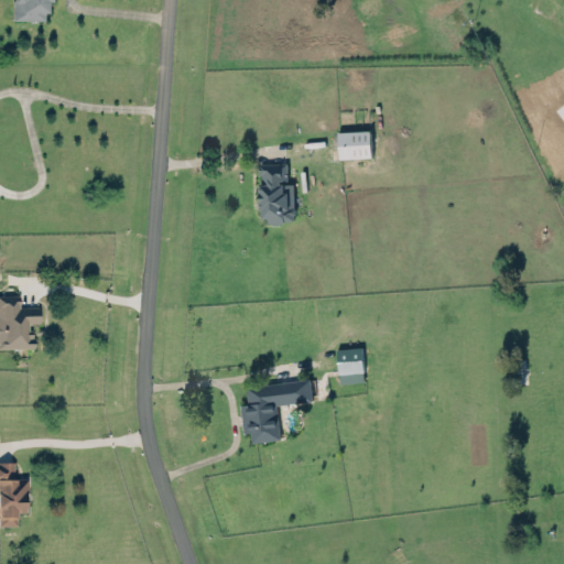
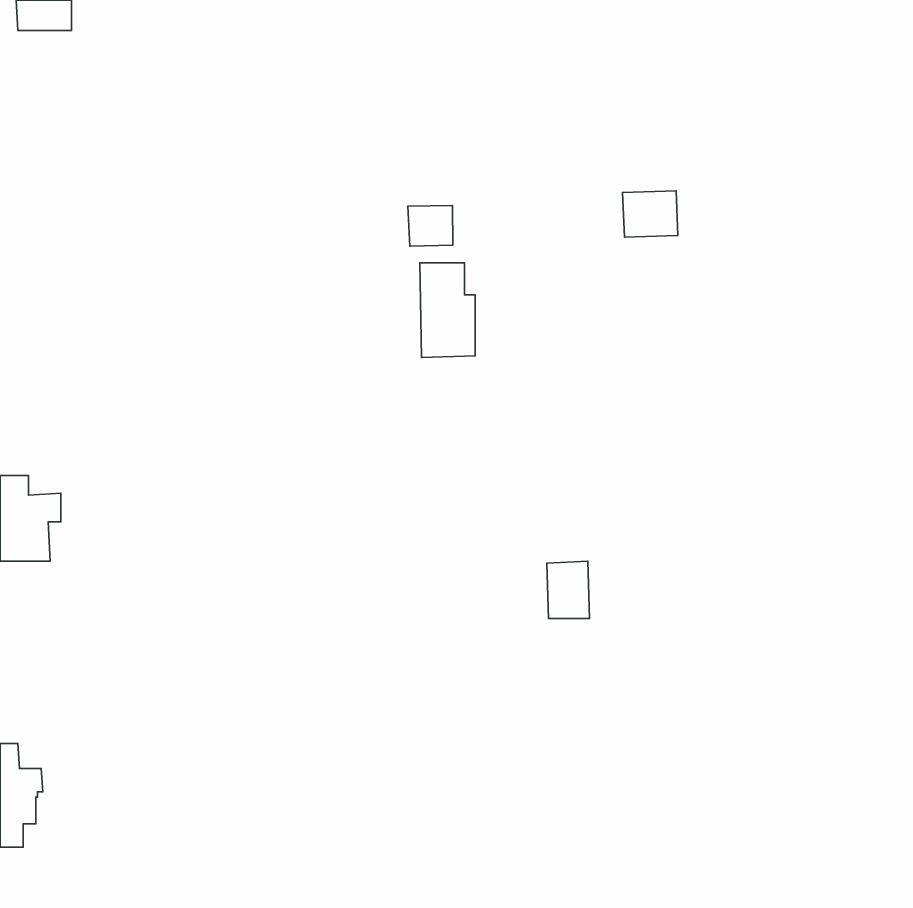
building: none -> [408,205,453,246]
building: [337,132,371,161] -> [623,191,678,237]
building: [240,378,313,443] -> none

